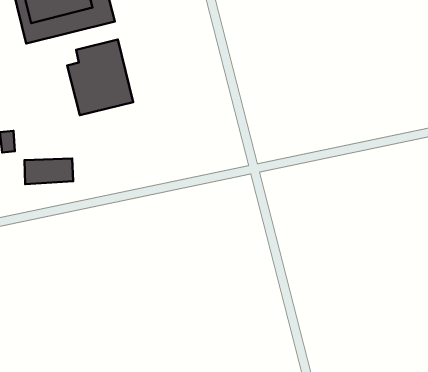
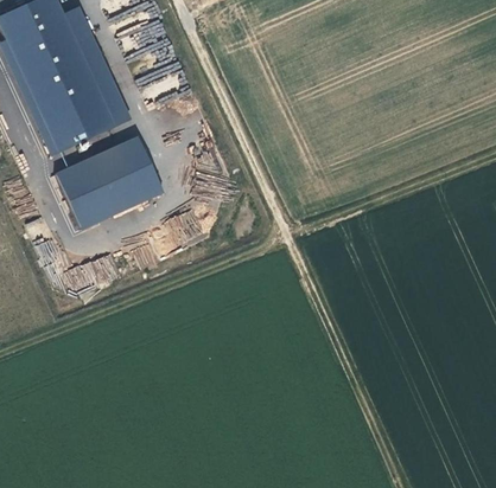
building: none -> [56,153,114,229]

